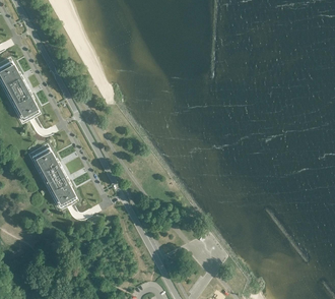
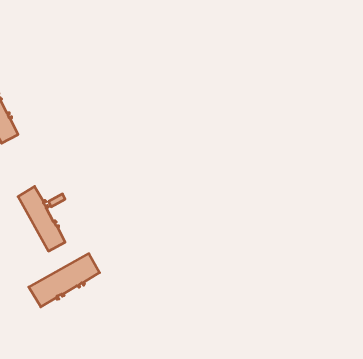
building: none -> [29,254,100,307]

